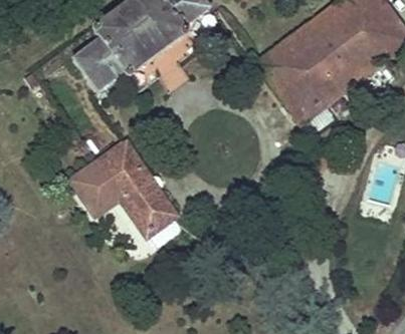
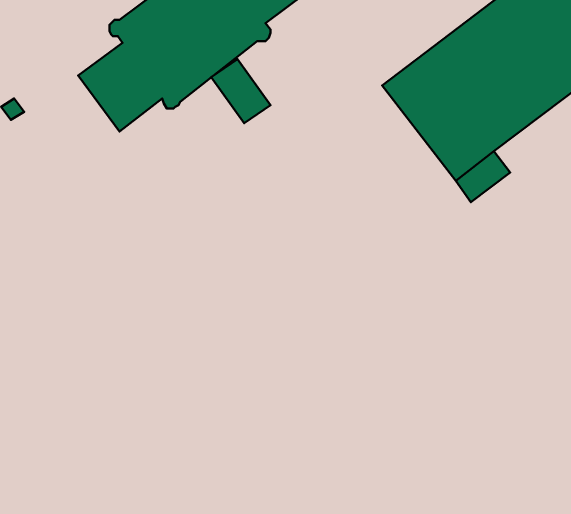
building: [69,139,175,234] -> none

